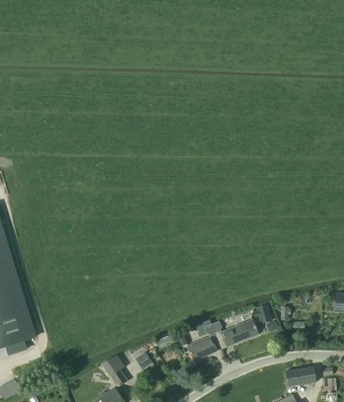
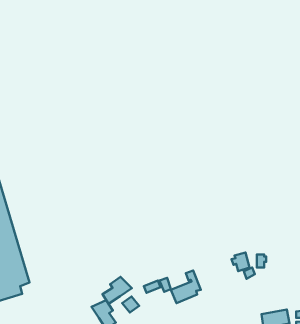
building: [211,319,257,348] -> none
building: none -> [103,277,132,304]

